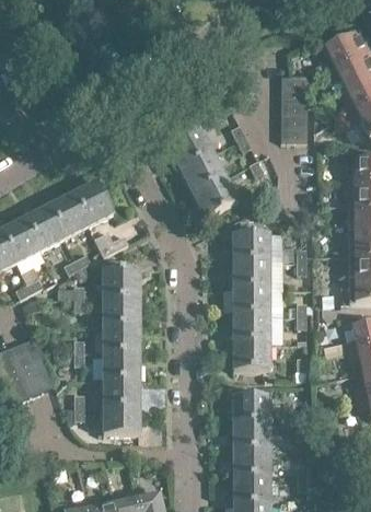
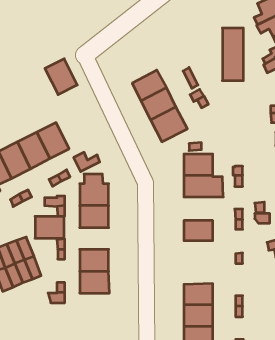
building: [73,182,114,226] -> [45,59,77,95]
building: [233,287,282,316] -> none
building: [103,325,139,352] -> [35,216,64,238]
building: [233,341,269,371] -> none
building: [103,407,140,434] -> none

